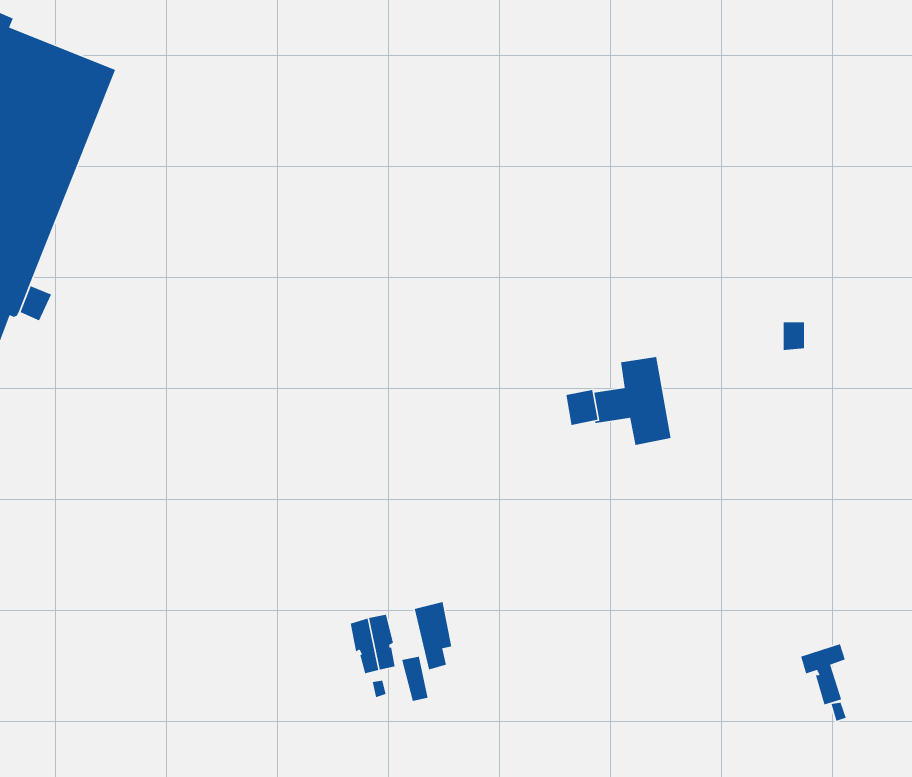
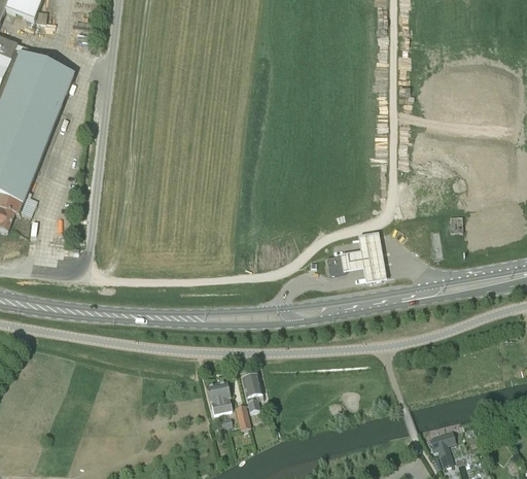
building: [800,643,846,705] -> [430,432,456,467]

